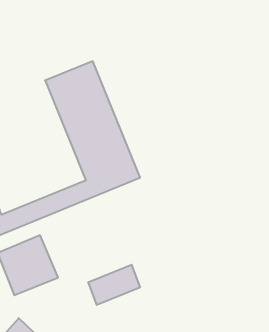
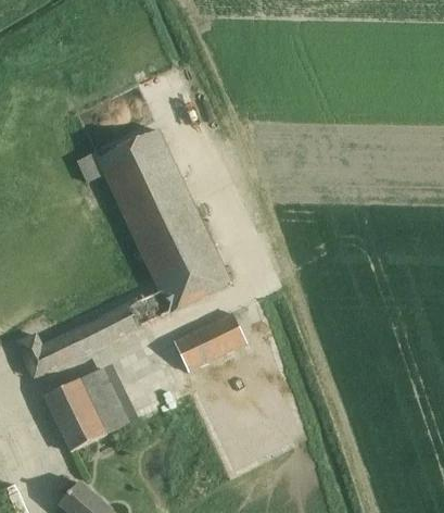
building: [88,265,140,305] -> [175,314,245,371]

